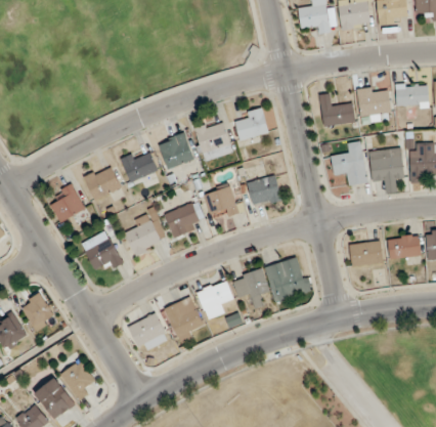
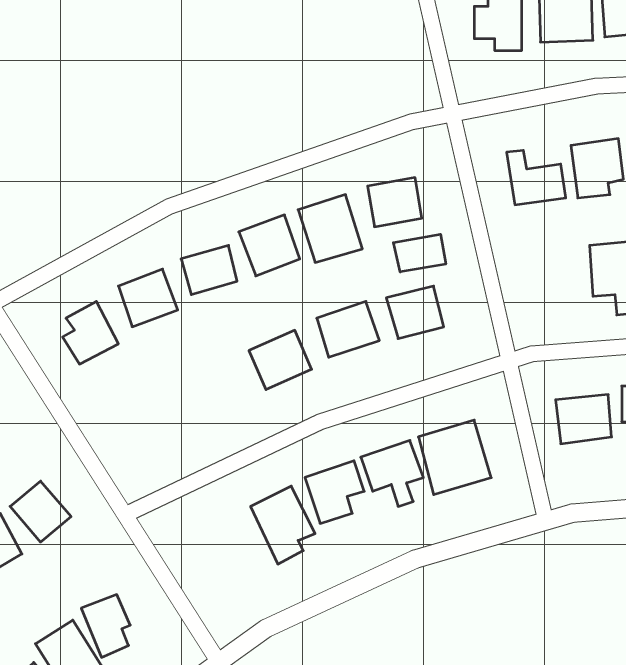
building: [332,141,367,185] -> none
building: none -> [393,234,446,272]
building: [126,214,168,255] -> none
building: [86,239,121,269] -> none
building: [129,312,169,351] -> none

